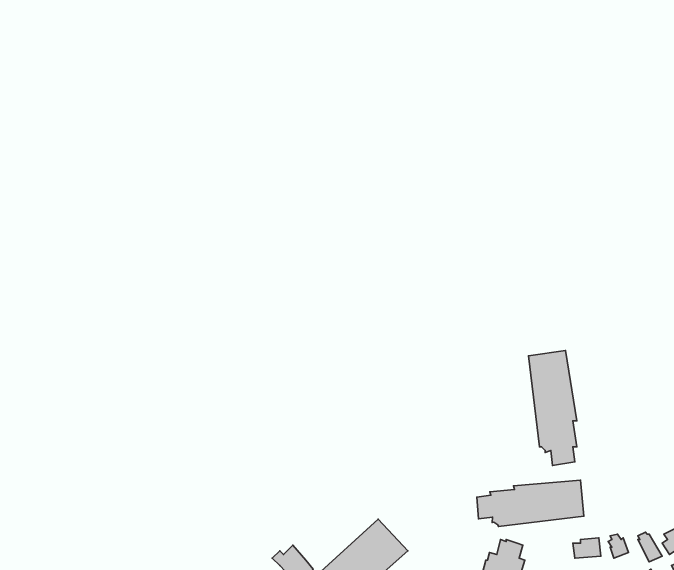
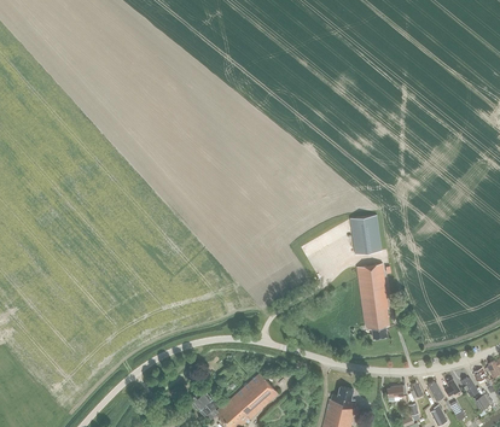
building: none -> [350,215,382,255]
building: [477,480,584,527] -> none

